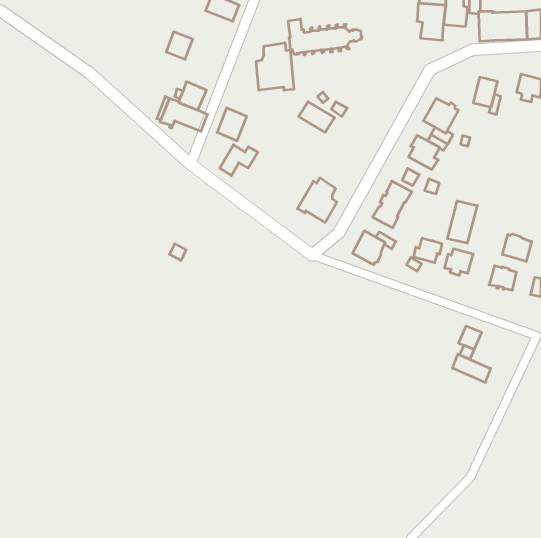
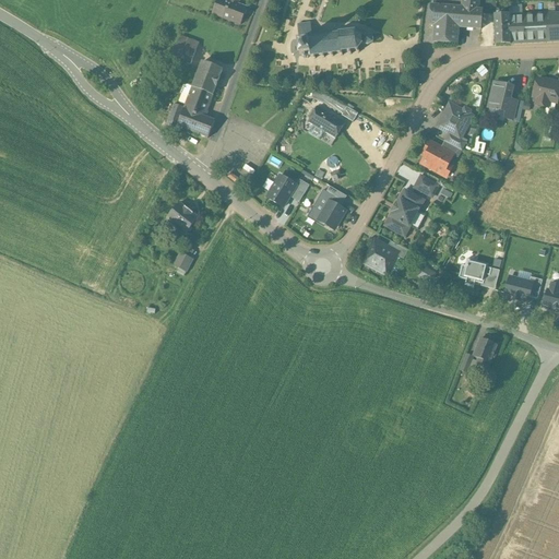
building: [256,43,294,90] -> none
building: [217,108,247,141] -> [192,59,223,93]
building: [220,145,258,176] -> [270,176,309,207]
building: none -> [163,201,199,231]
building: [447,201,477,243] -> none
building: [502,234,532,262] -> none
building: [414,238,442,263] -> none
building: [452,354,491,383] -> none

